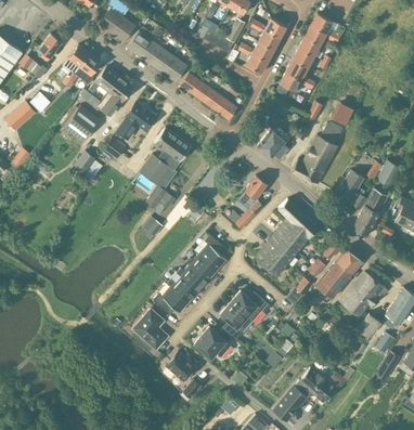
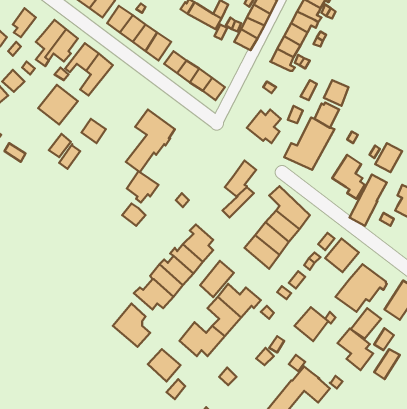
building: [116,102,155,139] -> none
building: [314,266,346,298] -> [294,307,328,341]
building: none -> [200,261,234,297]
building: none -> [338,329,373,370]

